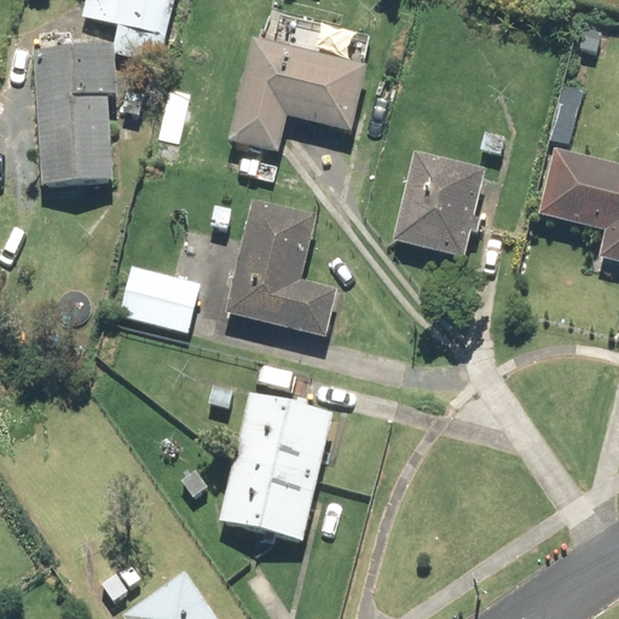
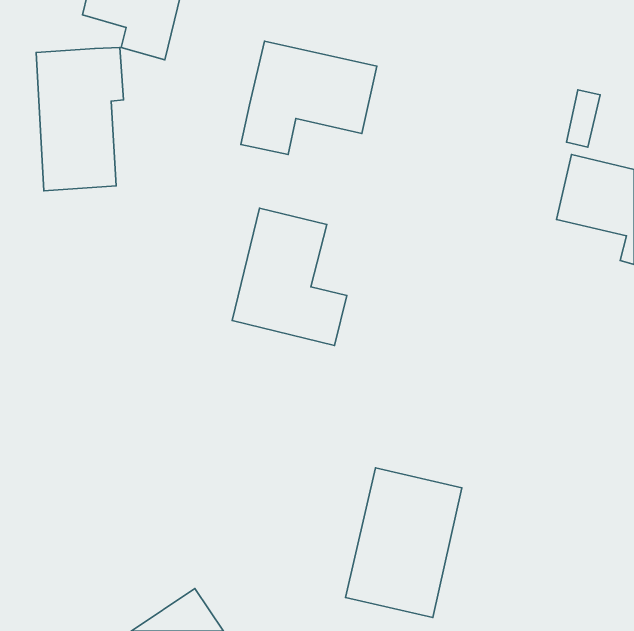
building: [395,151,487,254] -> none
building: [117,264,199,334] -> none
building: [219,395,331,540] -> [346,468,462,617]

